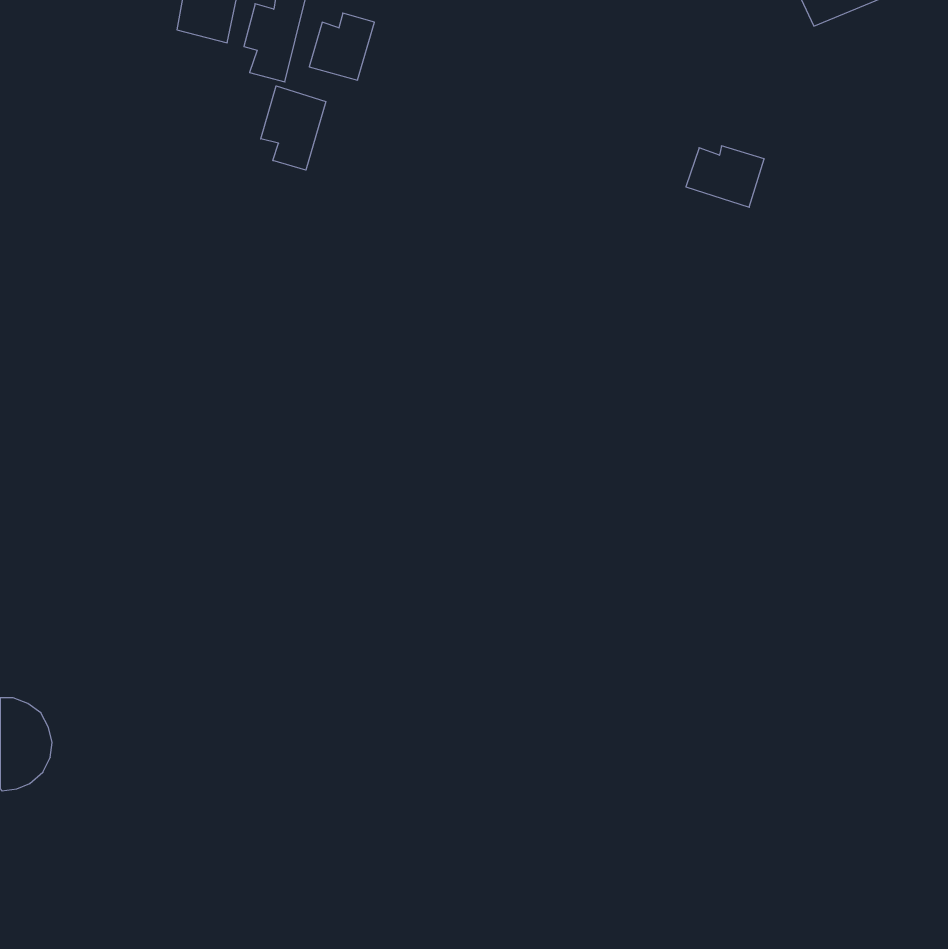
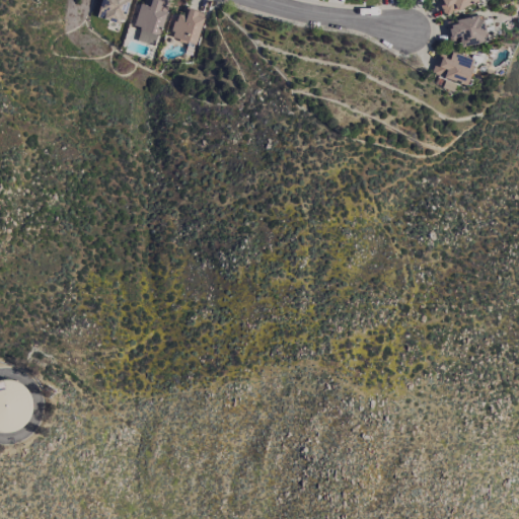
building: none -> [447,13,489,47]
building: [261,86,326,170] -> none
building: [686,146,764,207] -> [433,51,475,84]

